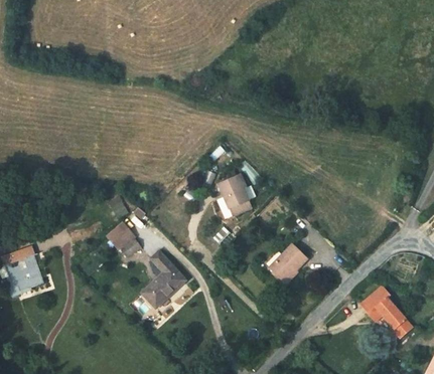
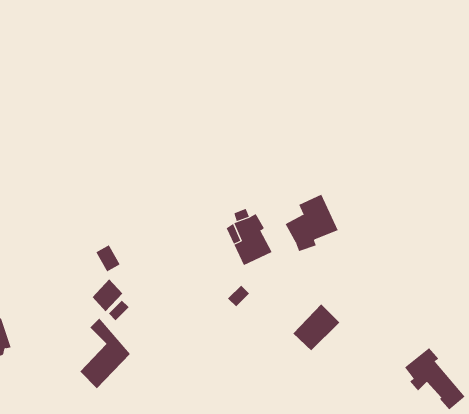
building: none -> [285,194,338,252]
building: [142,250,183,308] -> [79,318,131,389]

